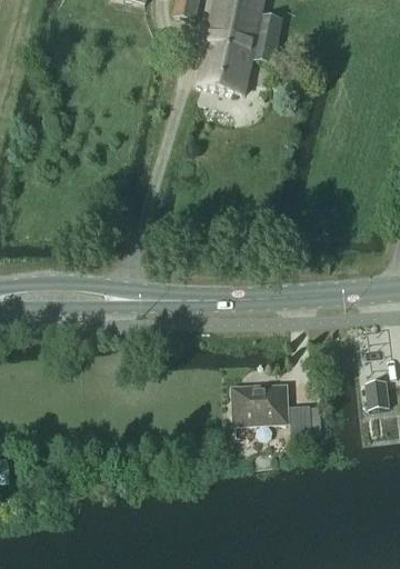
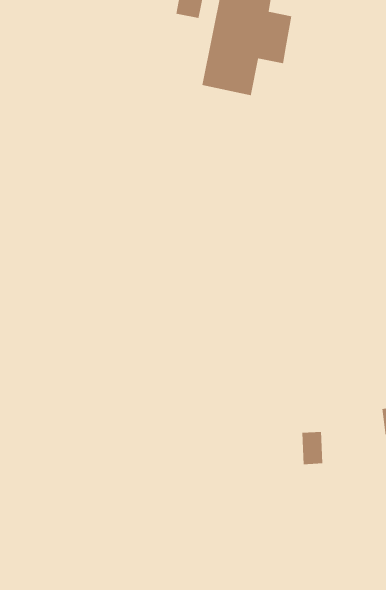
building: [232,385,287,423] -> none

